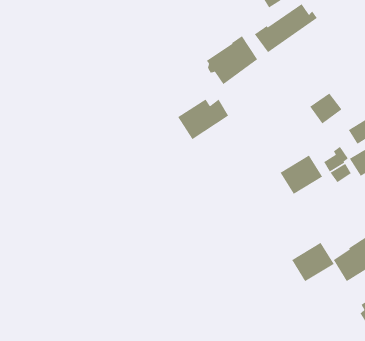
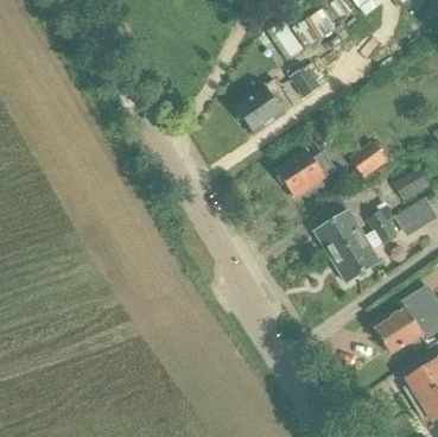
building: [177,99,229,140] -> [277,150,335,196]
building: [291,242,335,282] -> [331,235,380,280]

